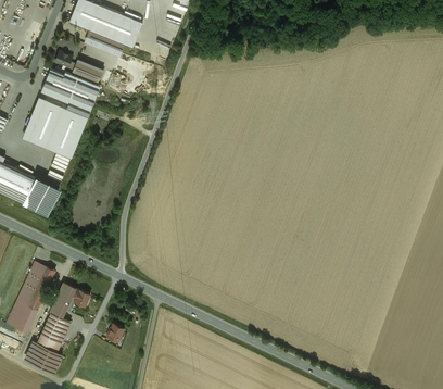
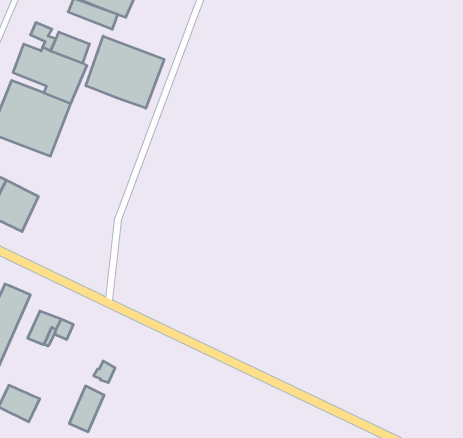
building: none -> [86,36,164,108]
building: [37,313,65,350] -> [69,386,104,432]

